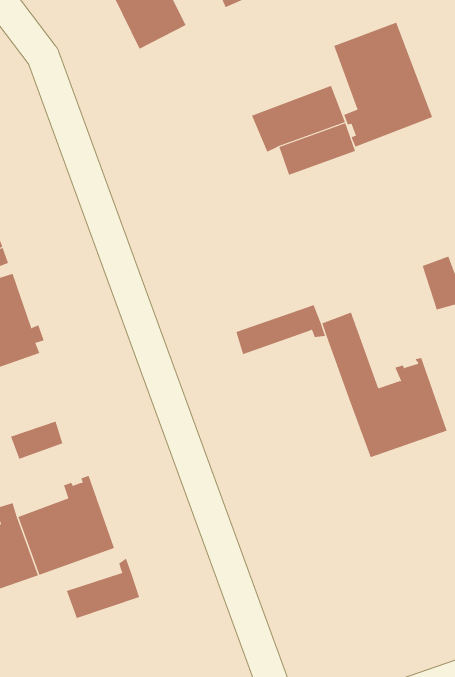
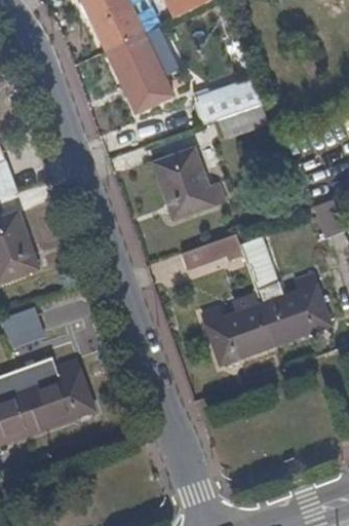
building: [333,22,433,148] -> none
building: none -> [110,34,170,108]
building: none -> [153,148,225,219]
building: none -> [200,293,275,364]
building: [66,557,140,619] -> none

